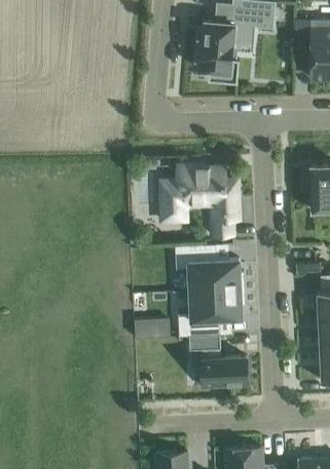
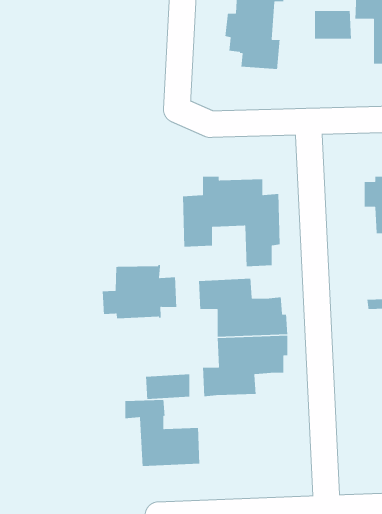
building: none -> [314,10,352,39]
building: none -> [102,264,177,319]
building: [188,336,247,388] -> [125,399,200,467]

